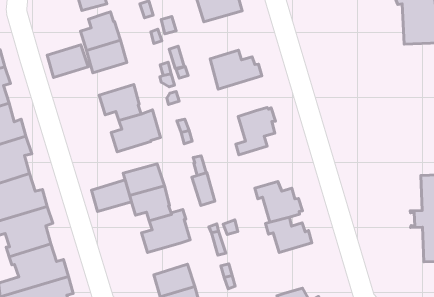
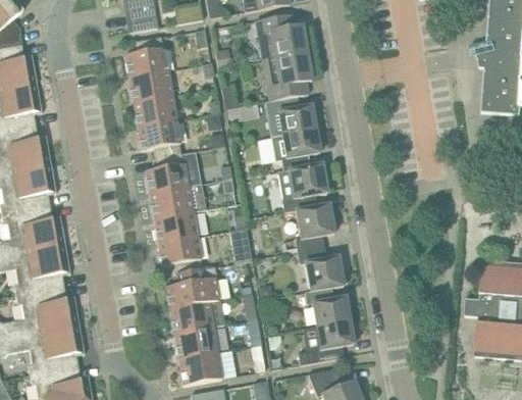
building: none -> [263,53,312,101]
building: [47,45,88,78] -> [134,95,177,128]
building: none -> [270,128,323,170]
building: none -> [296,204,336,251]
building: [91,180,131,212] -> [150,186,193,217]
building: none -> [170,302,213,334]
building: none -> [299,319,357,364]

